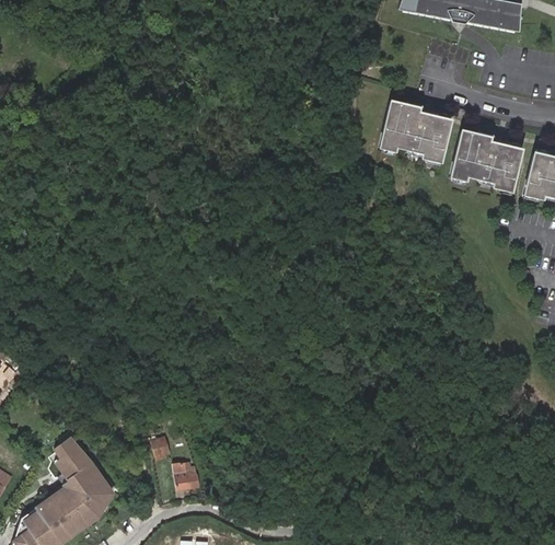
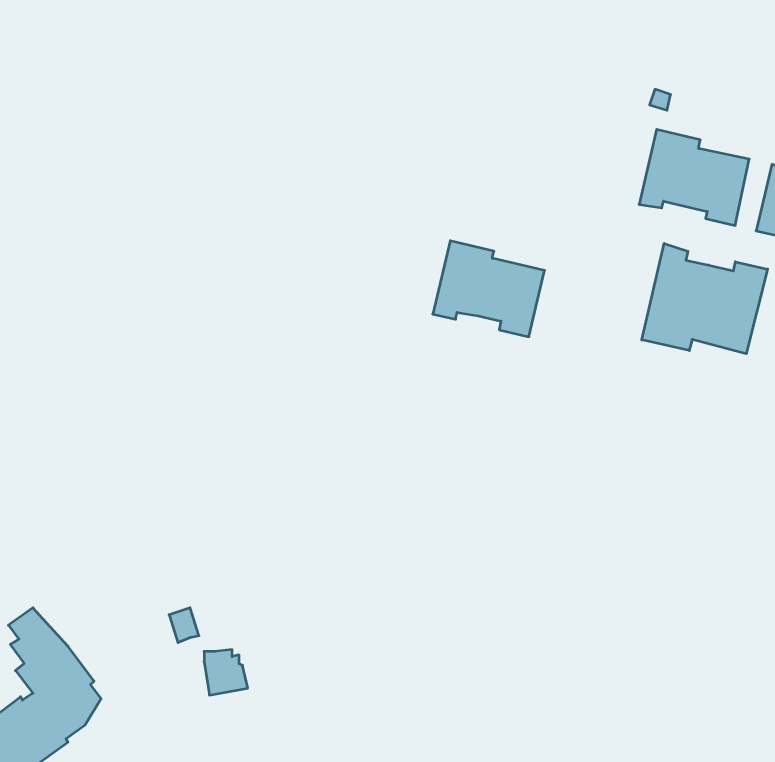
building: [380,103,450,163] -> [433,241,545,337]
building: none -> [642,243,768,354]

